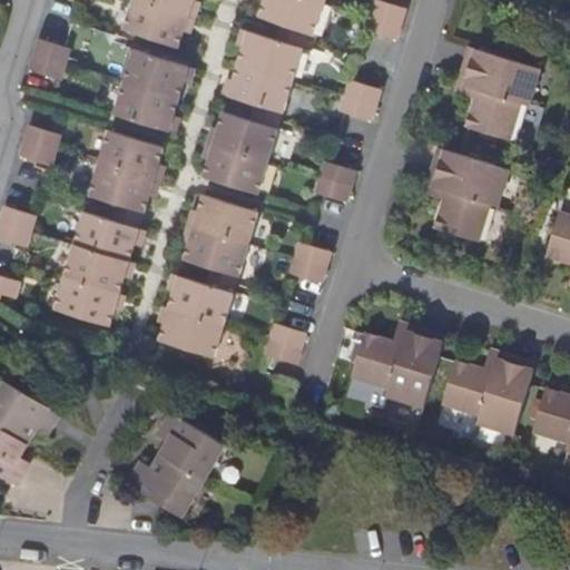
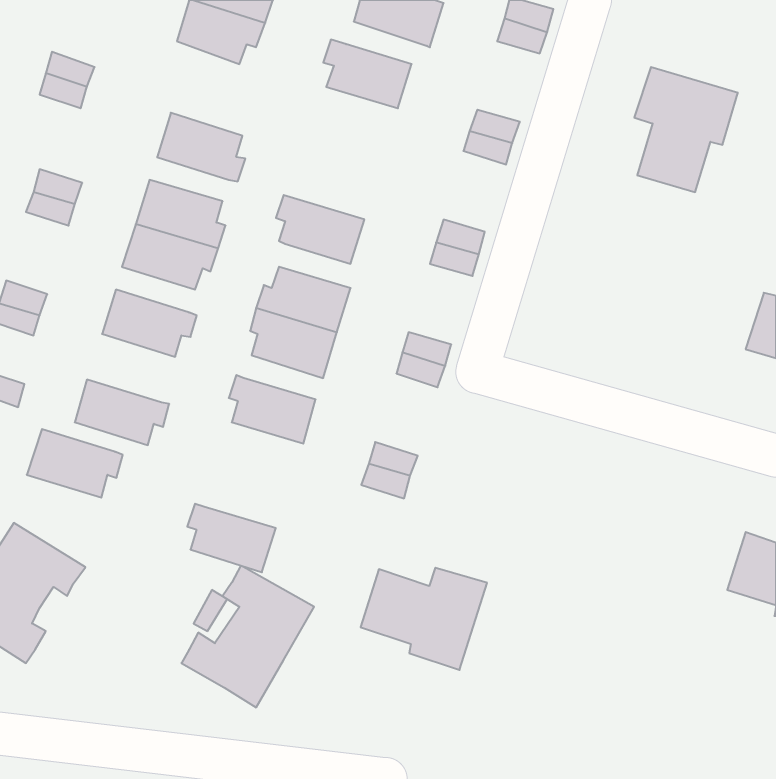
building: [125,50,194,99] -> none
building: [222,63,291,112] -> none
building: [207,111,276,160] -> none
building: [433,150,508,242] -> none
building: [63,244,134,294] -> [27,429,123,498]
building: [157,306,222,356] -> [187,504,276,572]
building: [350,332,442,406] -> [361,568,487,670]
building: [440,360,532,434] -> none

